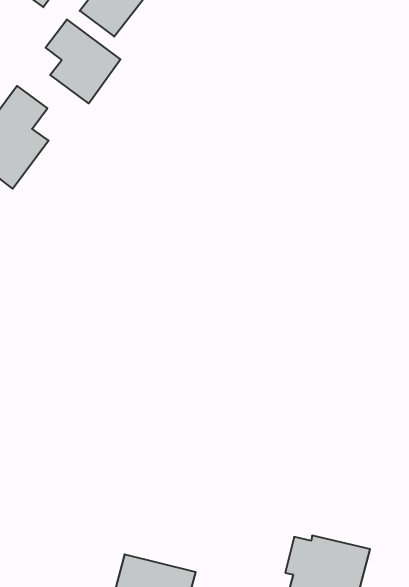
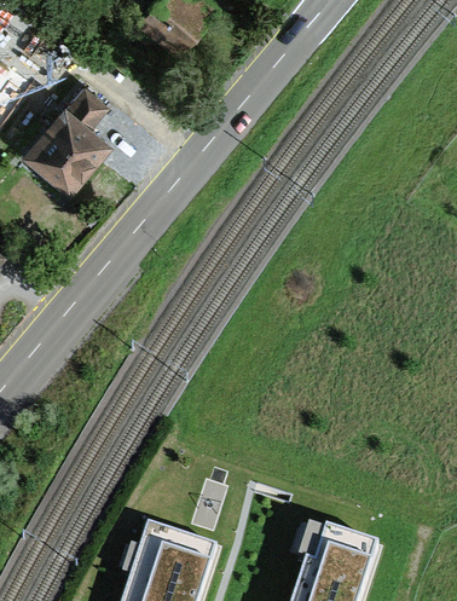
building: [46,19,120,103] -> none

